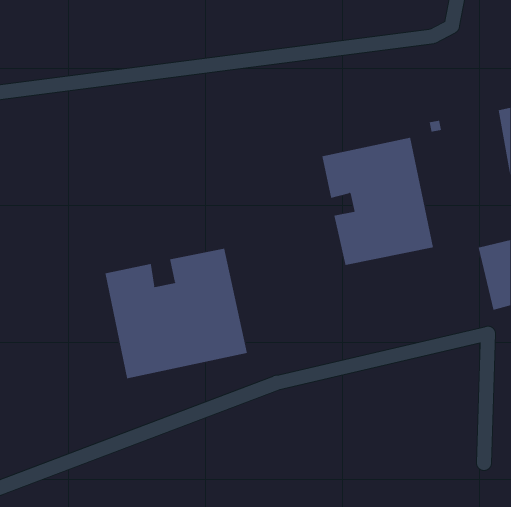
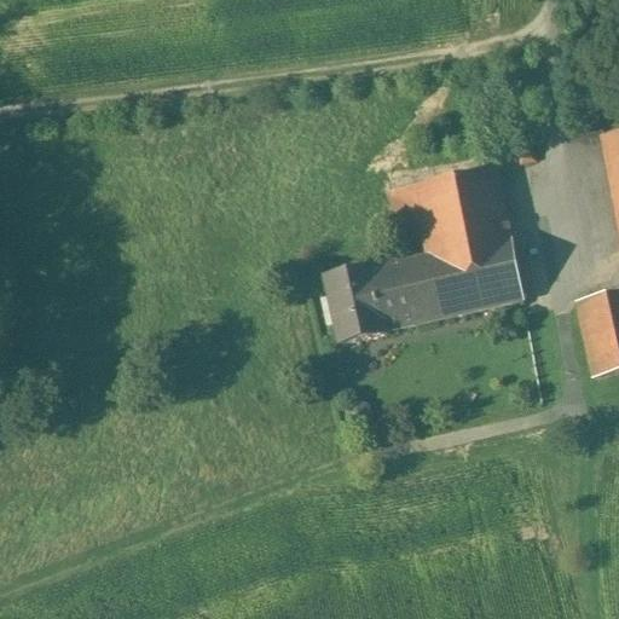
building: none -> [322,260,417,341]
building: [105,248,247,379] -> none

